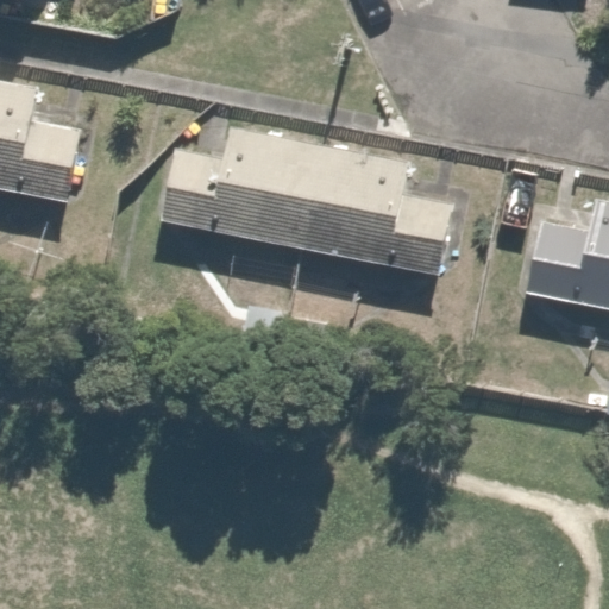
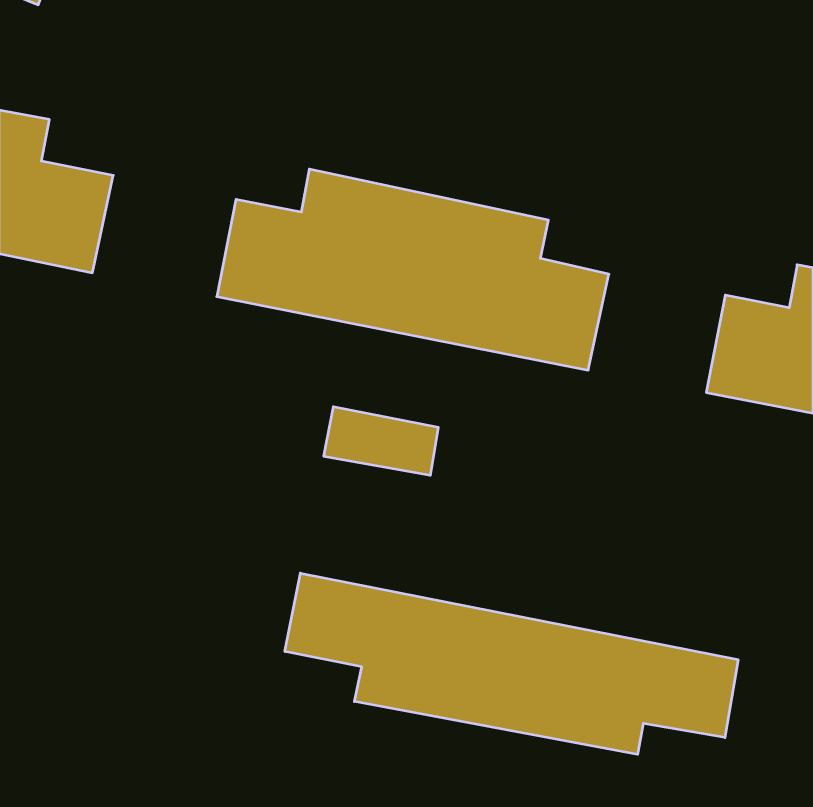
building: none -> [285,573,738,754]

